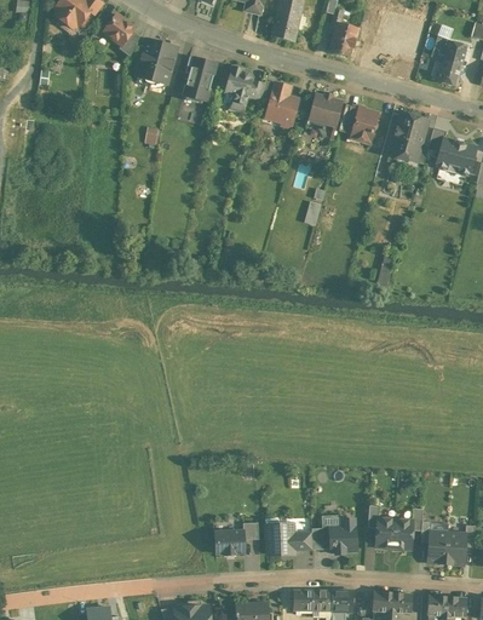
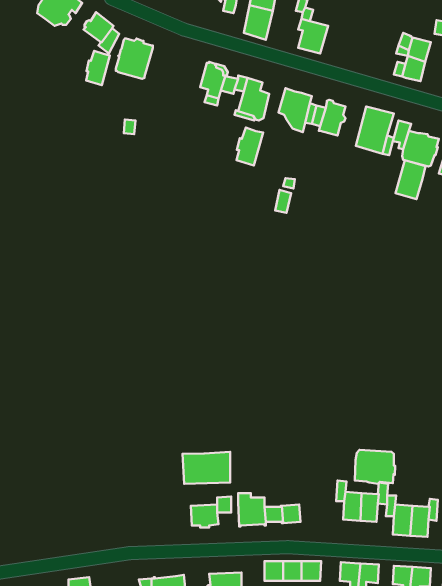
building: none -> [86,51,110,85]
building: [183,57,217,101] -> none
building: none -> [237,127,263,165]
building: none -> [396,160,426,199]
building: none -> [355,450,395,484]
building: none -> [182,452,230,484]
building: [329,518,356,553] -> none

